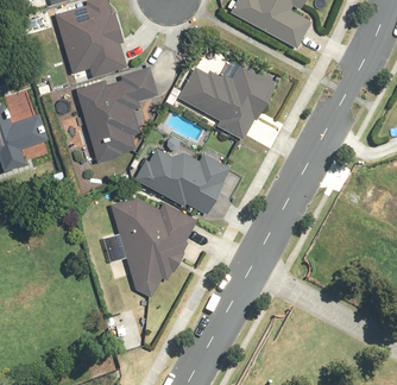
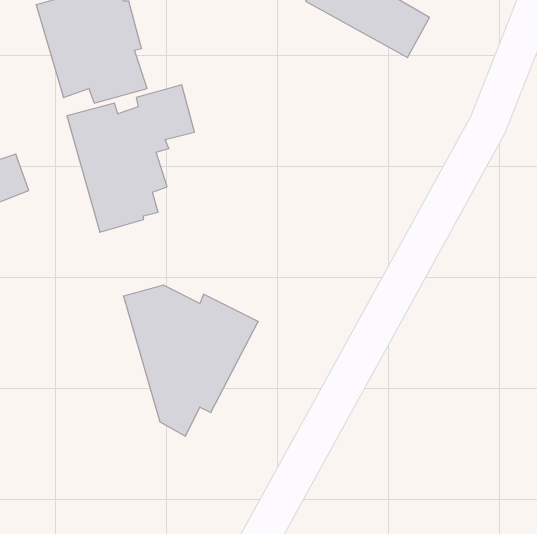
building: [176,63,276,140] -> none
building: [134,147,231,214] -> none

